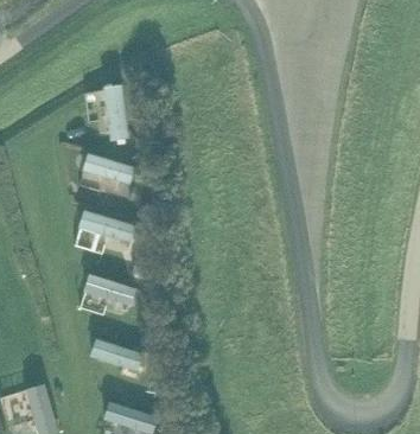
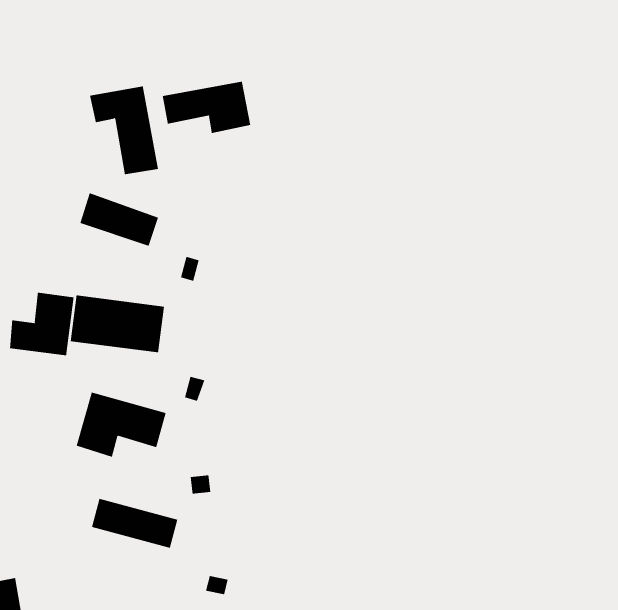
building: none -> [162,81,251,134]
building: none -> [9,292,74,356]

